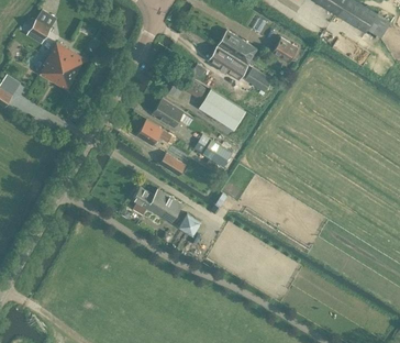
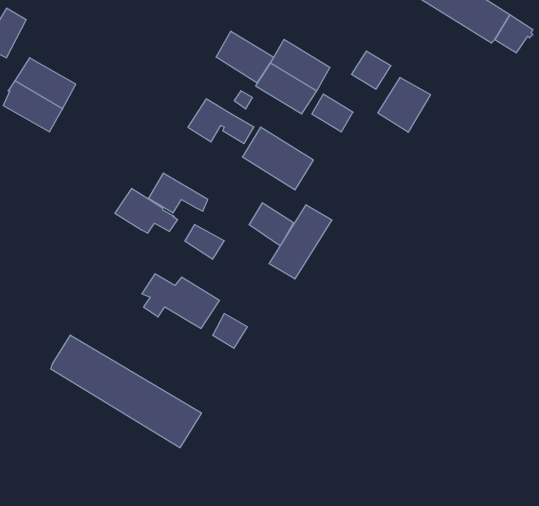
building: none -> [216,31,274,83]
building: none -> [378,77,431,132]
building: [153,98,195,128] -> [115,189,178,233]
building: none -> [269,205,332,279]
building: none -> [51,335,201,448]

